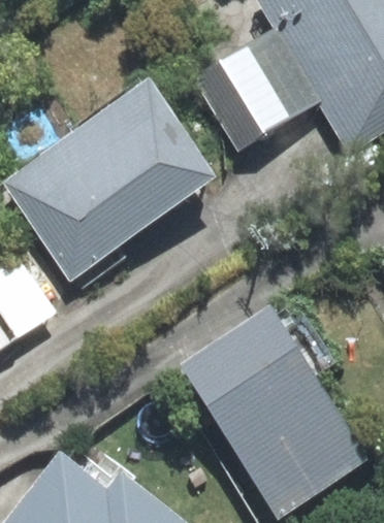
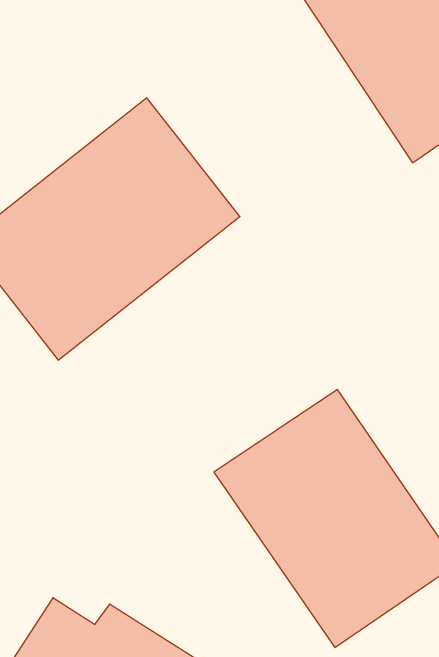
building: [190,30,317,153] -> none

